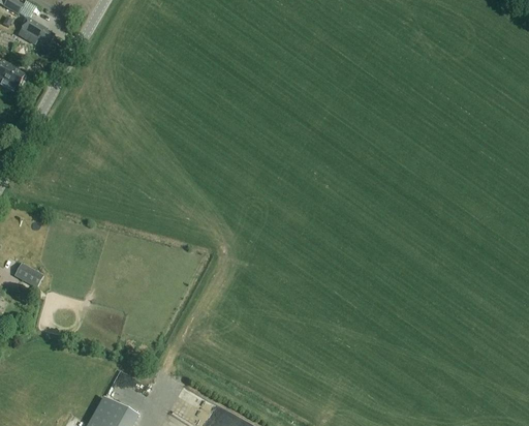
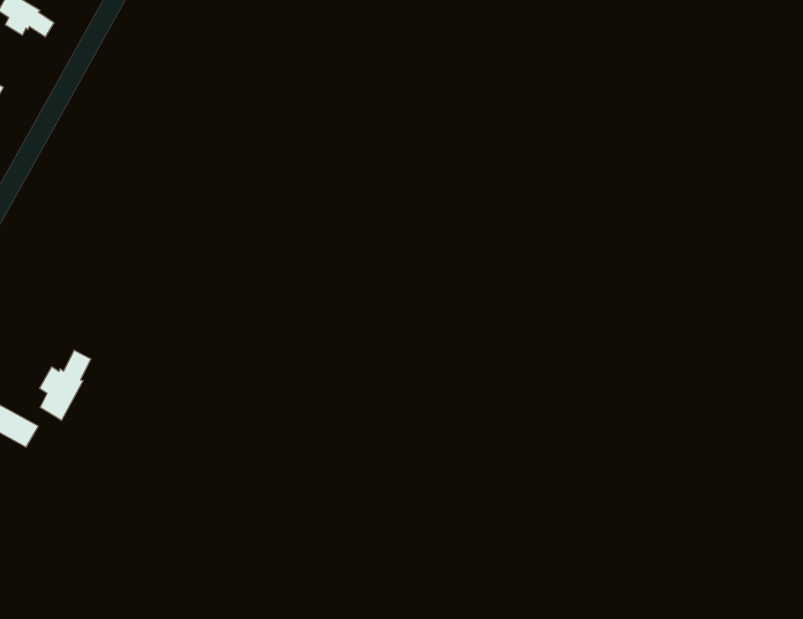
building: none -> [40,350,91,421]

